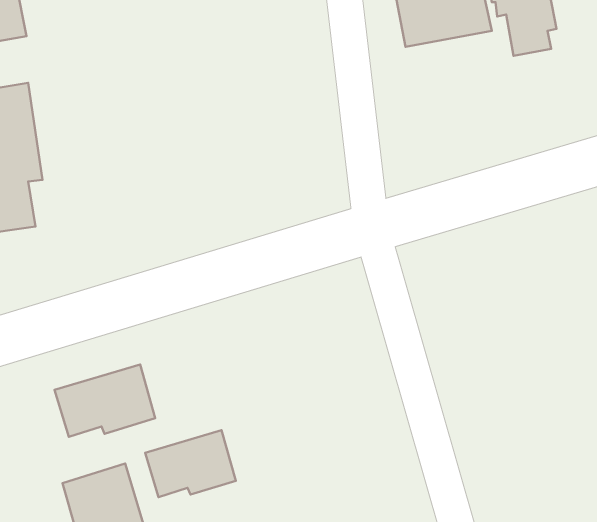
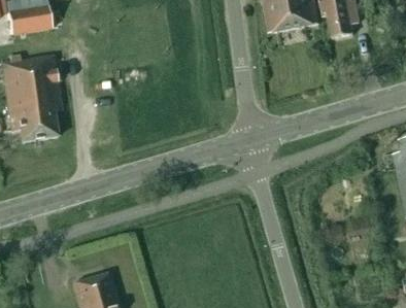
building: [55,364,155,437] -> none
building: [145,430,236,497] -> none

